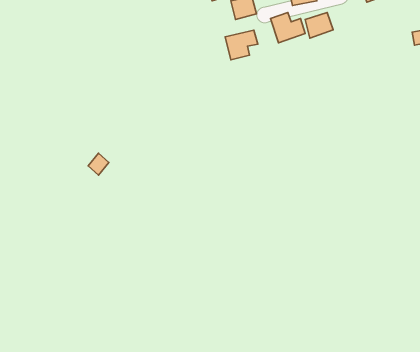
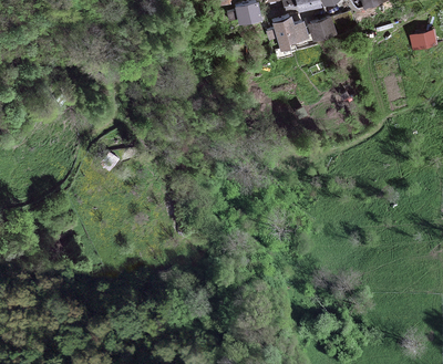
building: [225,30,258,60] -> none

